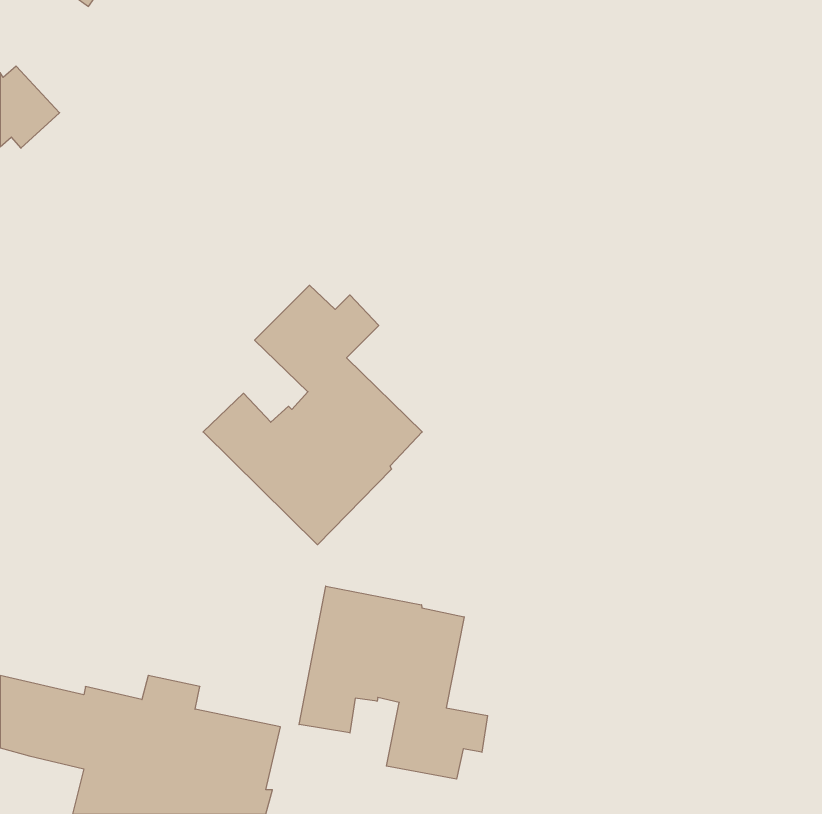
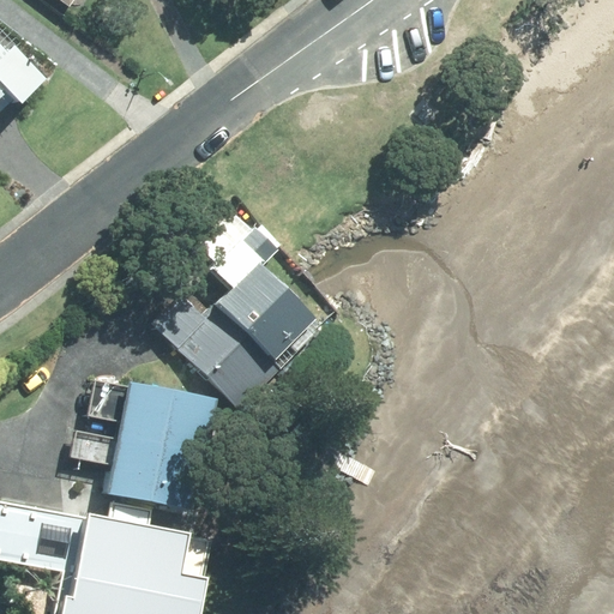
building: none -> [104,385,212,511]
building: [299,586,488,779] -> none

